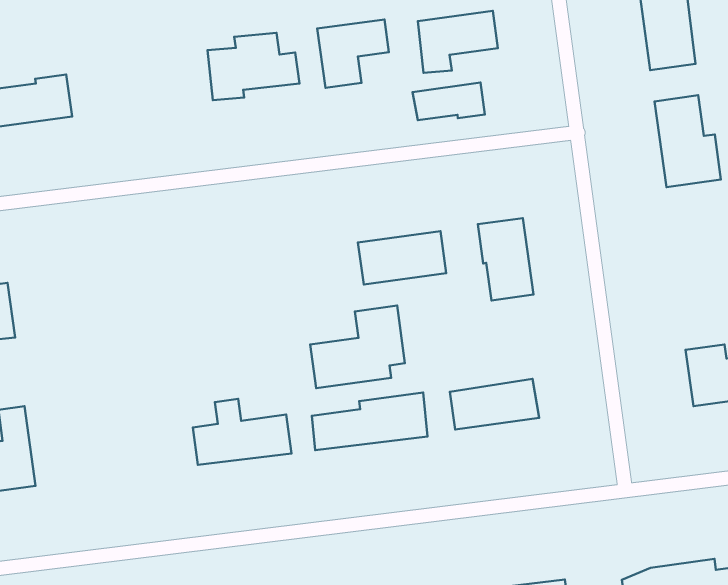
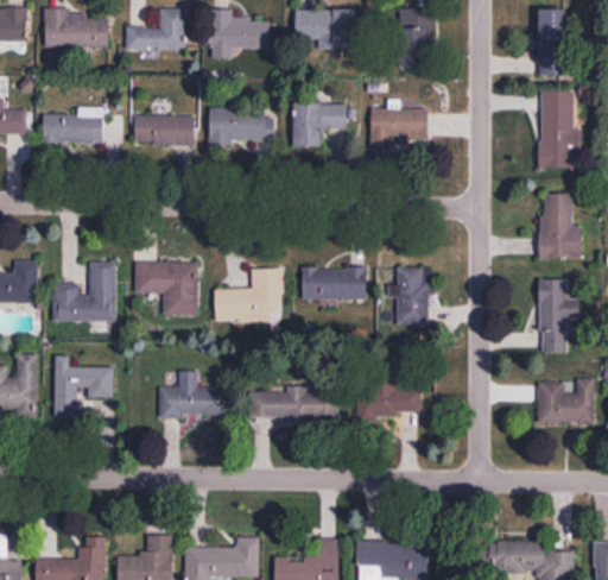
building: none -> [135,116,195,146]
building: [413,83,485,120] -> none
building: none -> [539,278,568,352]
building: none -> [135,263,197,315]
building: none -> [53,263,116,322]
building: [310,306,405,388] -> [215,270,284,323]
building: none -> [55,357,113,417]

